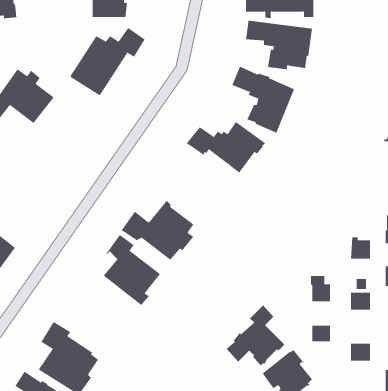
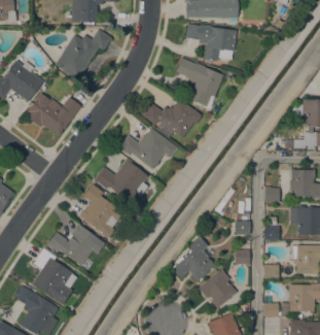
building: none -> [24,93,80,134]
building: none -> [118,128,176,169]
building: none -> [47,224,104,265]

